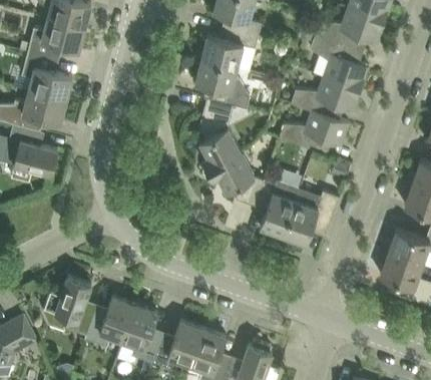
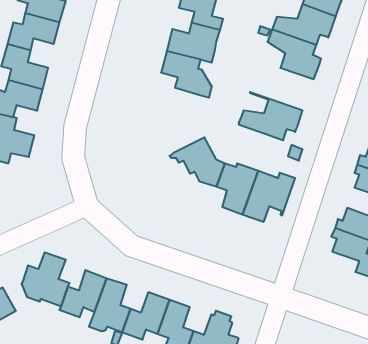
building: [291,77,360,123] -> none
building: [198,97,242,172] -> none

